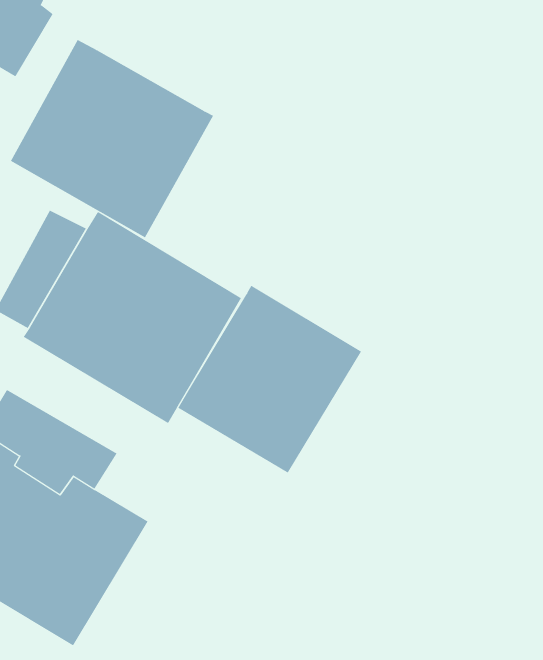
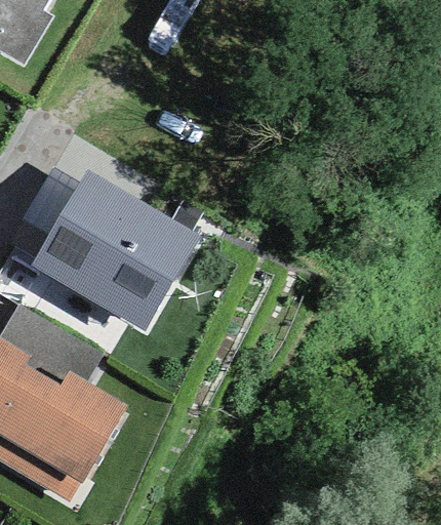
building: [10,39,214,238] -> none
building: [178,285,362,473] -> none

